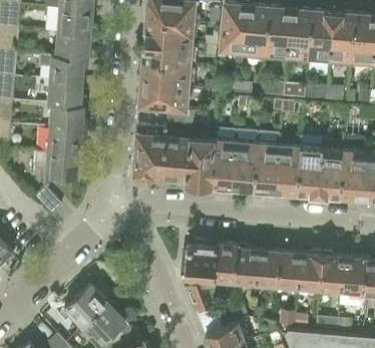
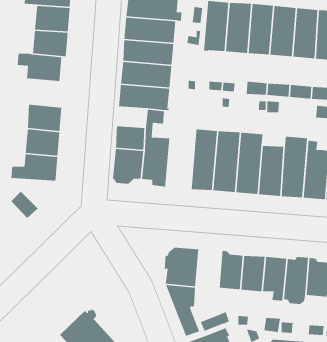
building: [48,79,82,106] -> none
building: [184,136,213,187] -> none
building: [214,244,239,282] -> none
building: [59,285,106,327] -> none

